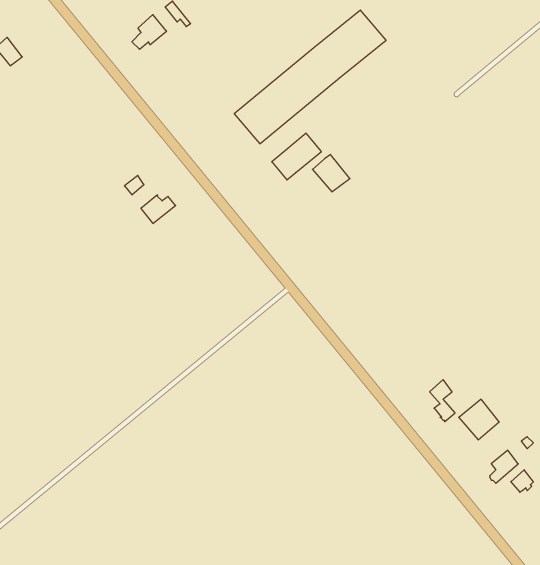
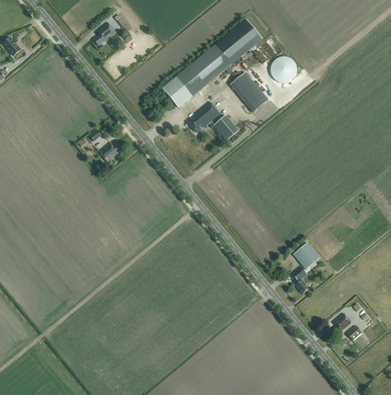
building: none -> [271,56,298,82]
building: none -> [231,71,270,111]
building: [459,399,499,440] -> [294,242,321,269]

